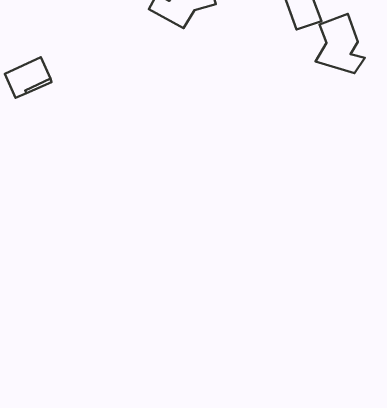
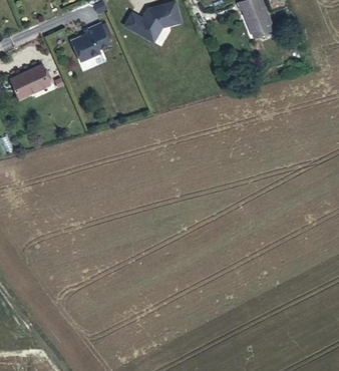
building: none -> [72,24,112,62]
building: [315,14,365,73] -> none

